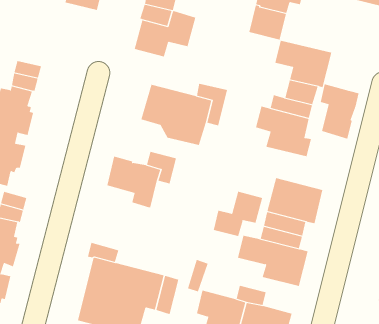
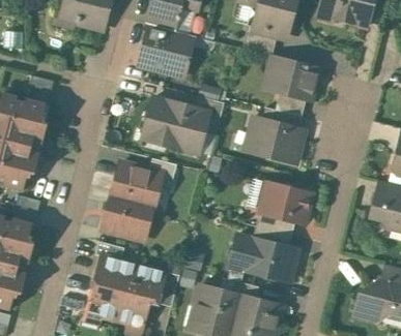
building: [320,83,359,140] -> none
building: none -> [101,189,151,236]
building: [213,191,263,237] -> none

